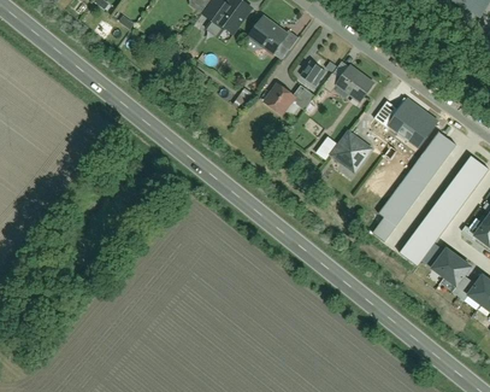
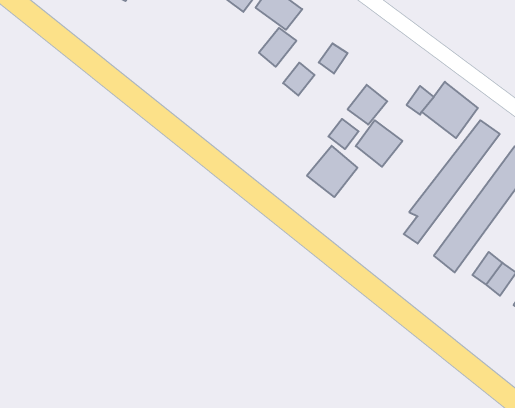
building: none -> [259,28,296,67]
building: [335,64,370,99] -> [348,85,387,125]
building: none -> [307,146,357,197]

